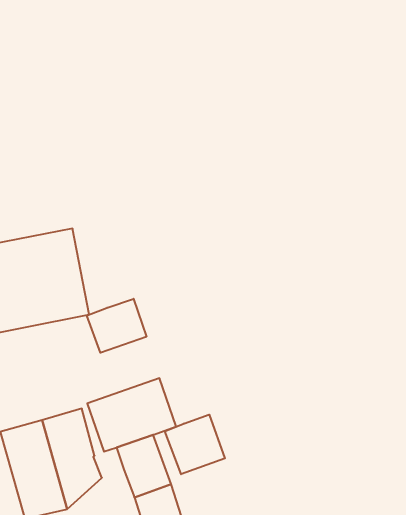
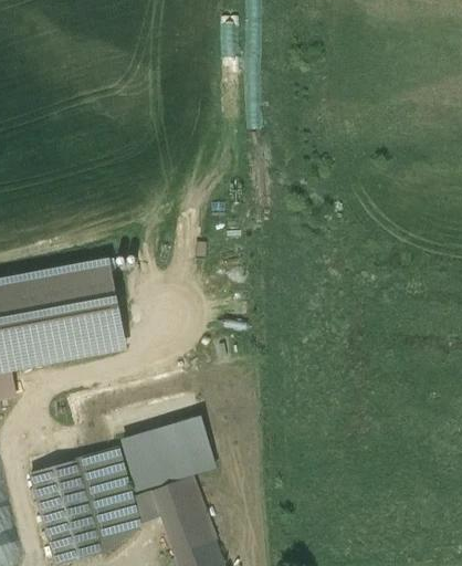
building: [87,299,146,353] -> none
building: [165,415,225,474] -> none
building: none -> [128,489,160,521]

